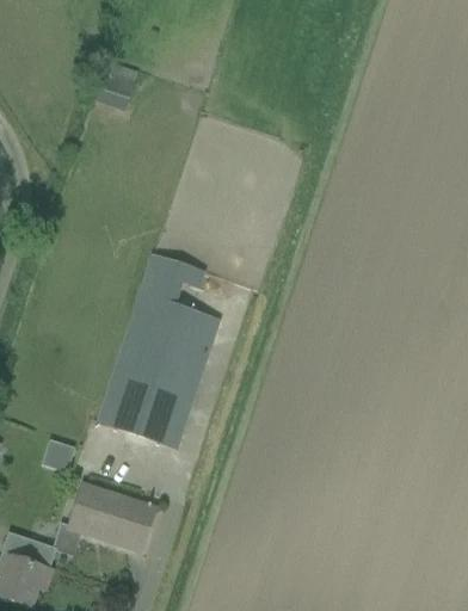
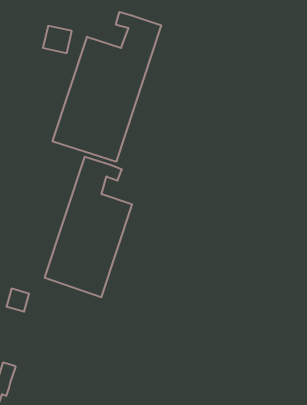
building: none -> [53,12,161,162]
building: [68,483,156,551] -> none

